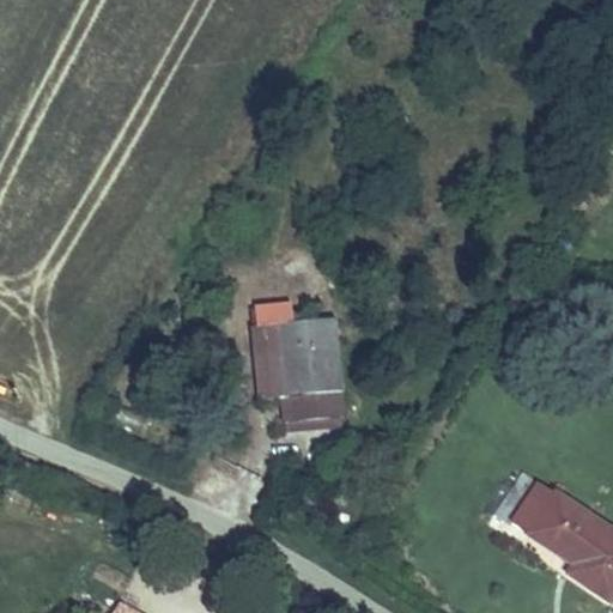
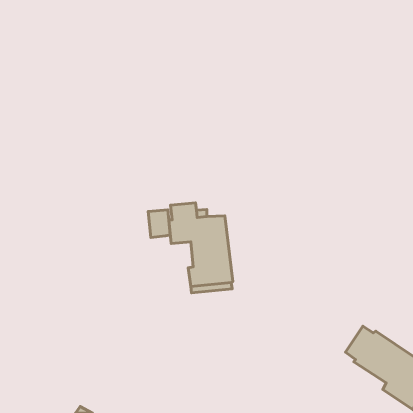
building: [255,357,287,397] -> [148,210,170,237]

